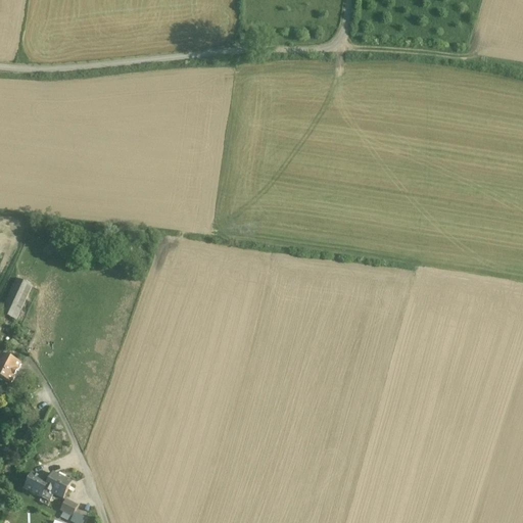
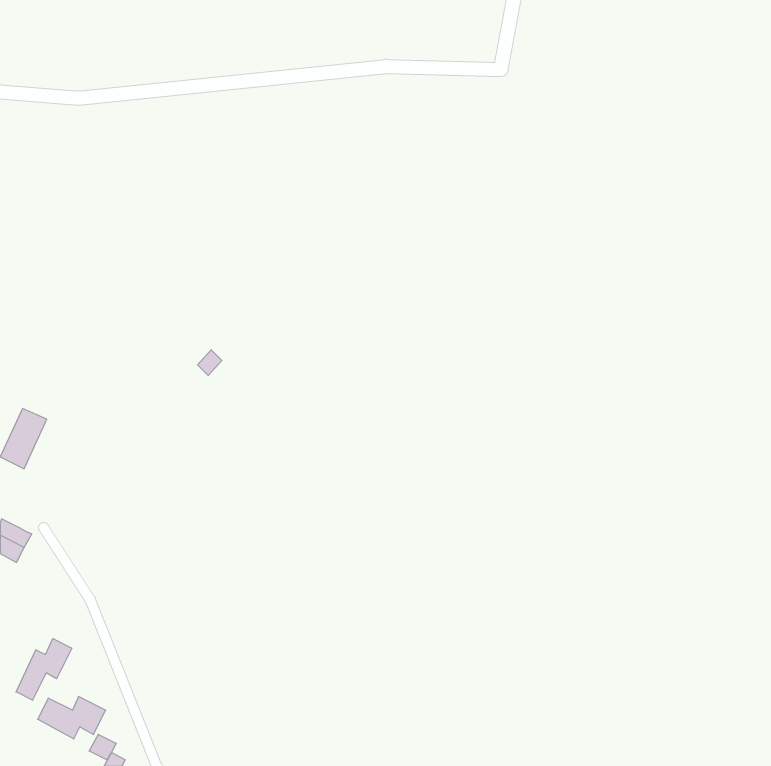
building: none -> [16,639,72,700]

